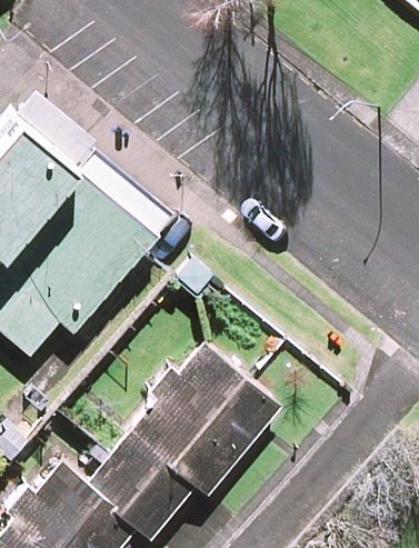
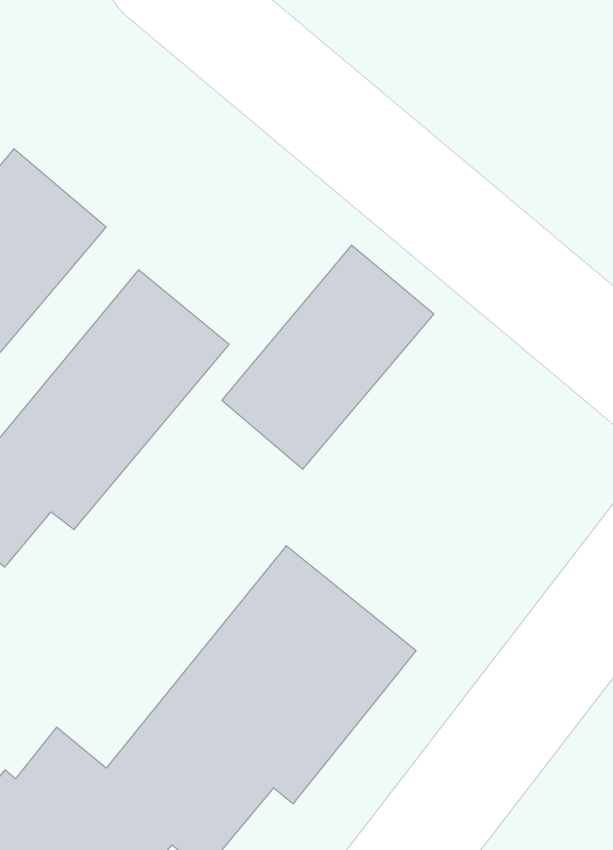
building: none -> [222,245,434,469]

